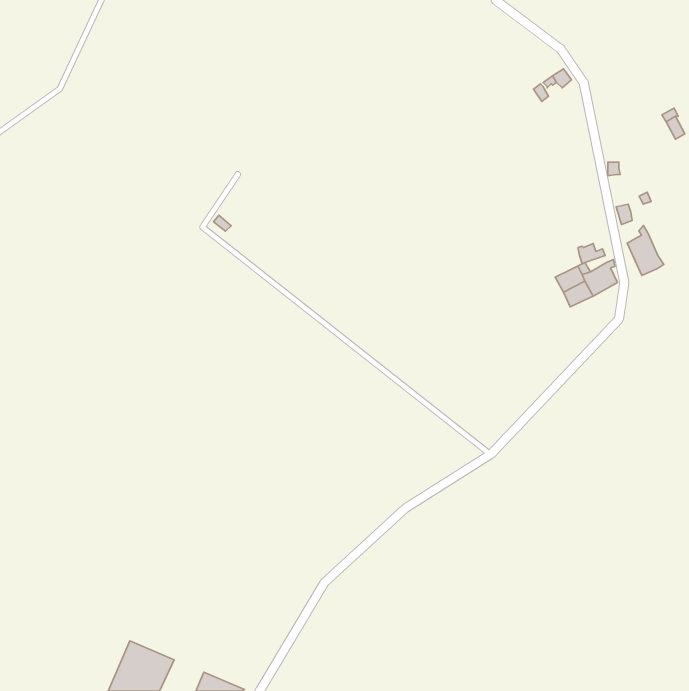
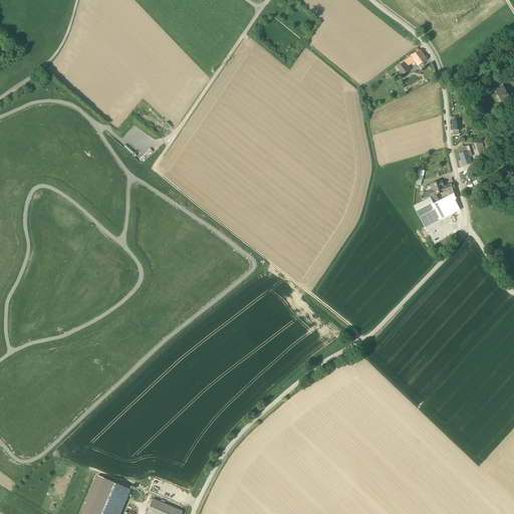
building: [627,226,664,275] -> none

